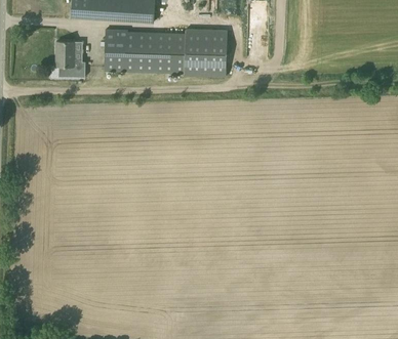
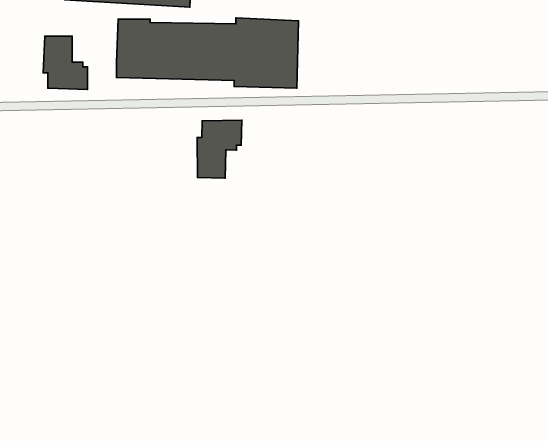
building: none -> [197,120,242,178]

